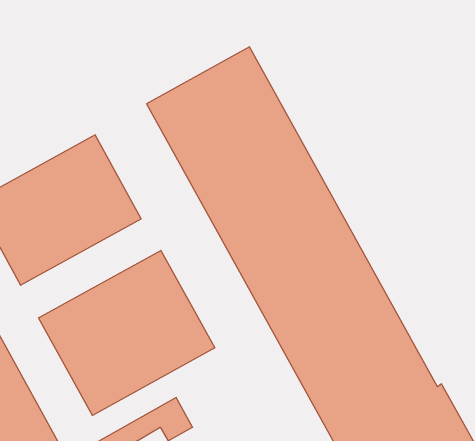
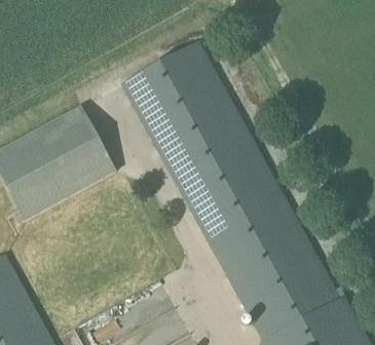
building: [39,250,215,415] -> none

